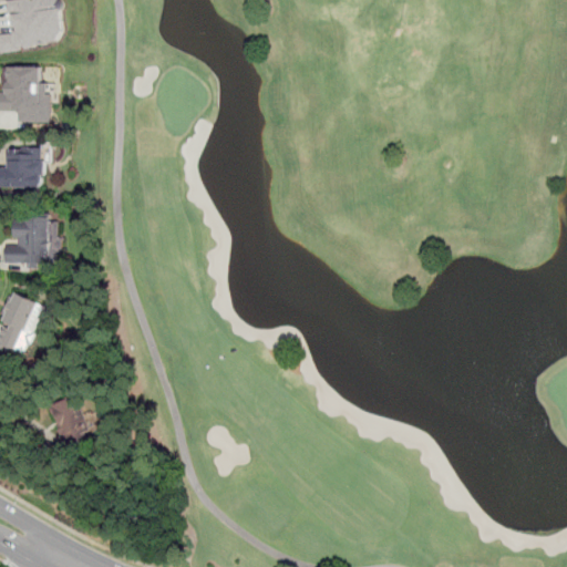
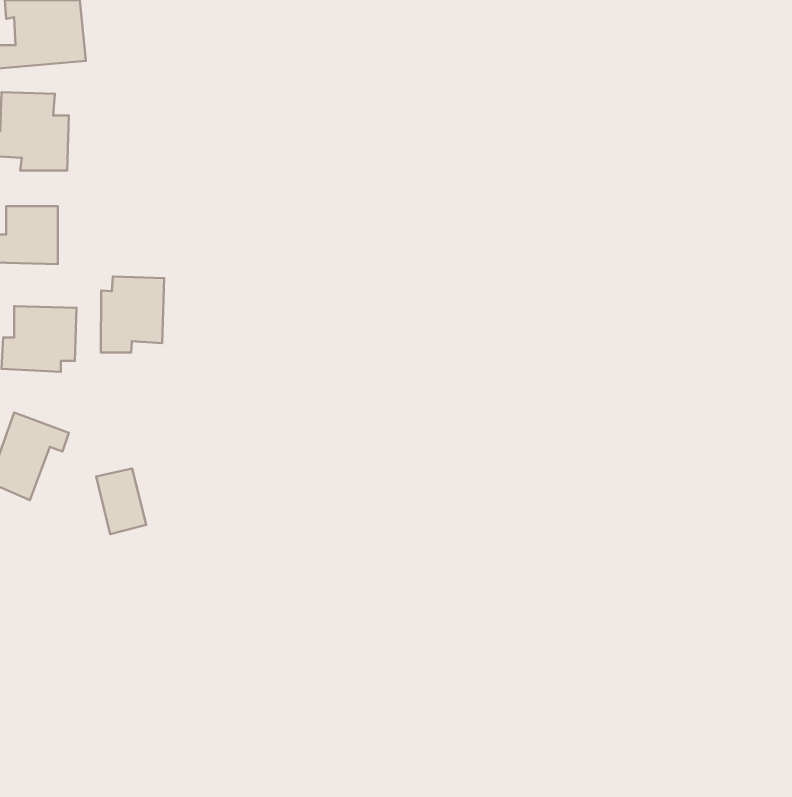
building: none -> [101,277,164,353]
building: [51,398,86,444] -> [96,469,146,534]

